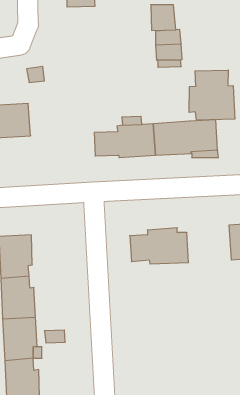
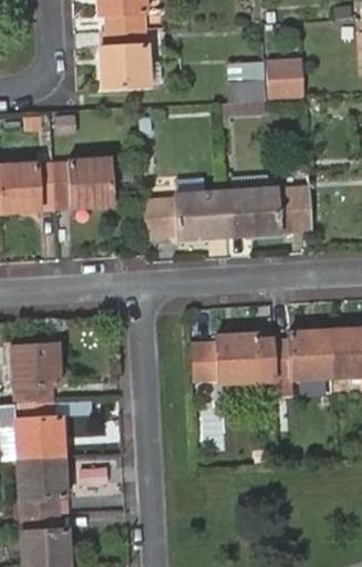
building: [151,5,176,30] -> [268,61,302,96]
building: none -> [100,29,147,87]
building: [189,70,235,120] -> none
building: none -> [53,158,112,207]
building: none -> [271,330,332,395]

